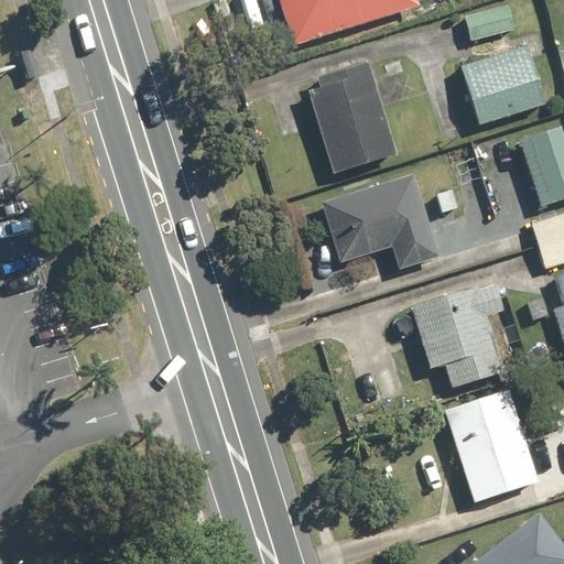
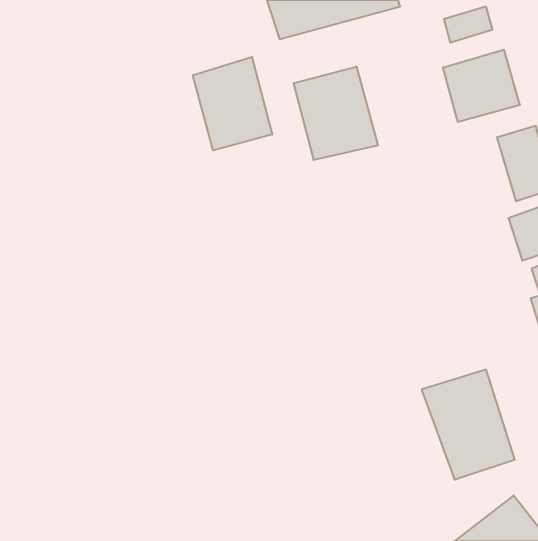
building: none -> [193,57,272,150]
building: [326,175,432,261] -> none
building: [410,283,503,380] -> none

